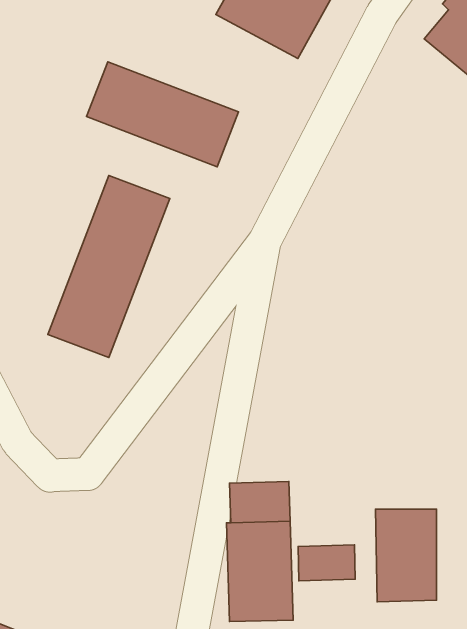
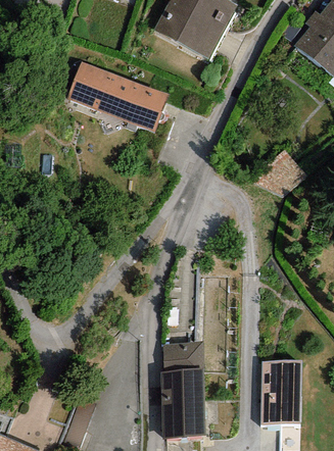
building: [48,175,170,357] -> none
building: [298,545,355,581] -> none

